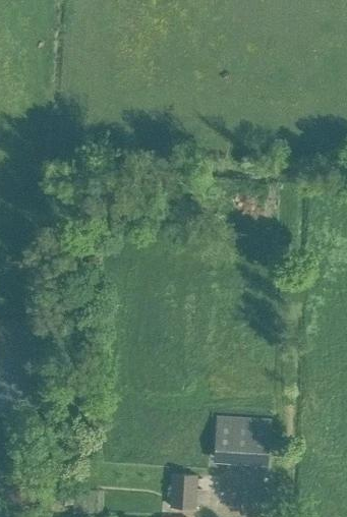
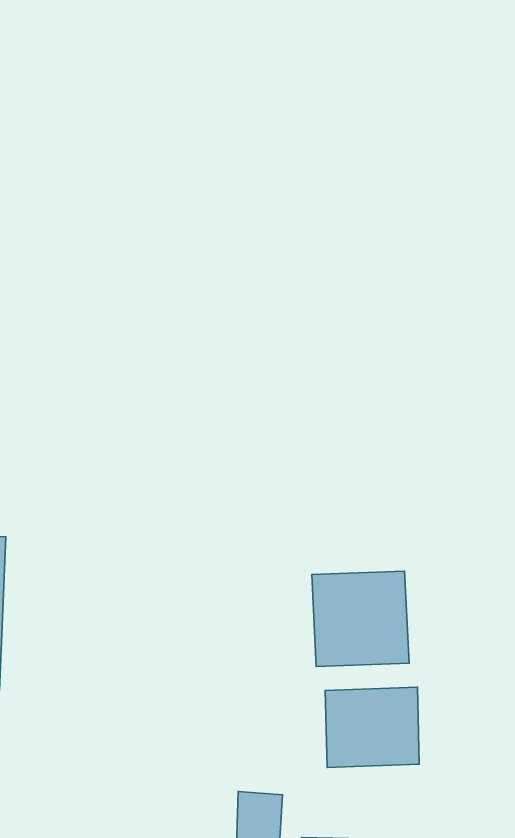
building: none -> [312,571,409,667]

